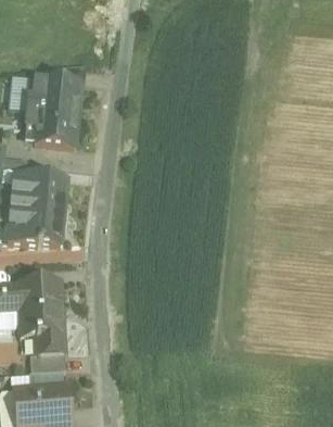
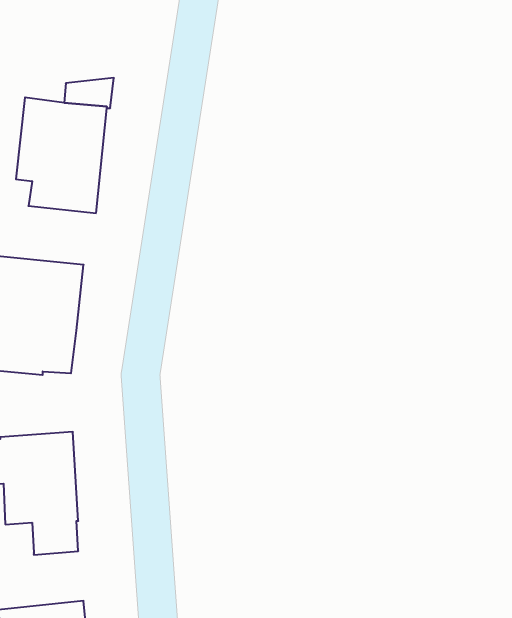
building: [30,354,65,374] -> none

